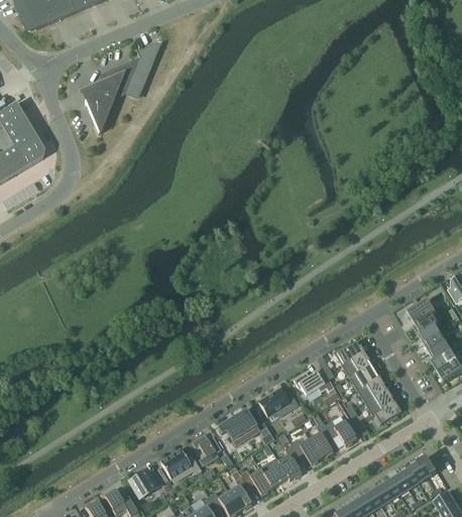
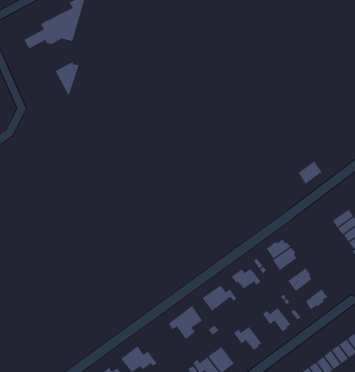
building: [85,92,113,132] -> [55,61,79,97]
building: [408,298,436,325] -> [298,161,323,186]
building: [348,363,379,389] -> none
building: [364,388,392,415] -> none
building: [309,422,333,456] -> none
building: [192,433,221,466] -> none
building: [275,442,301,480] -> none

